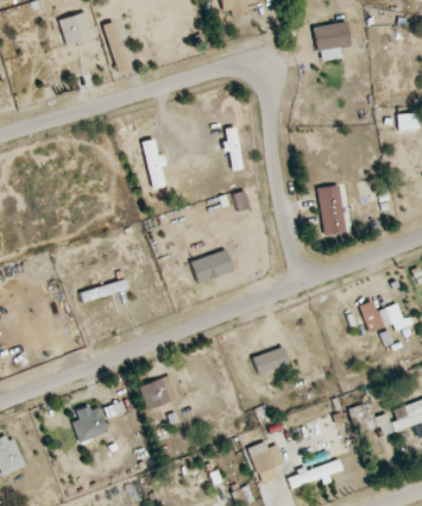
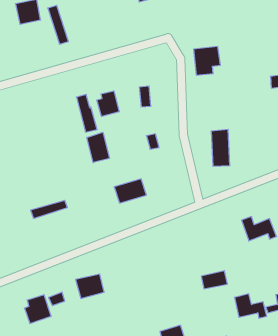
building: [315,21,351,60] -> [194,46,220,75]
building: none -> [97,91,119,116]
building: none -> [87,132,110,163]
building: [253,348,288,371] -> [201,271,227,289]

